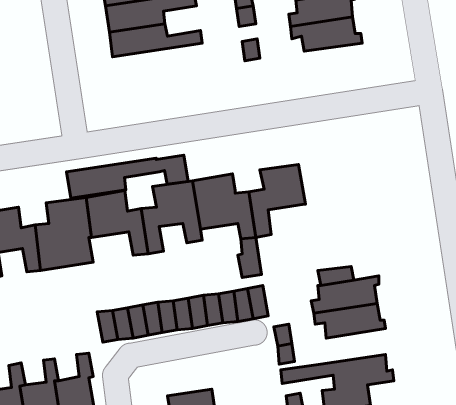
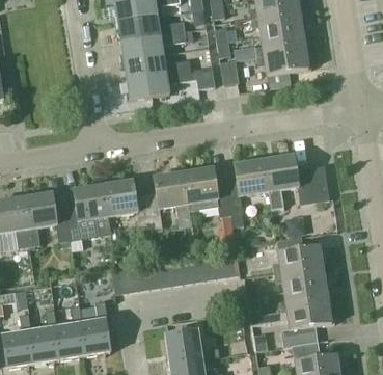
building: [67,155,188,198] -> [124,65,215,98]
building: none -> [264,154,329,207]
building: none -> [279,283,330,310]

